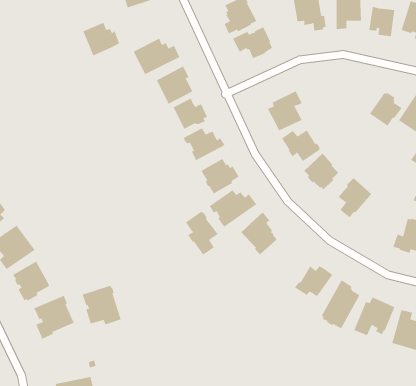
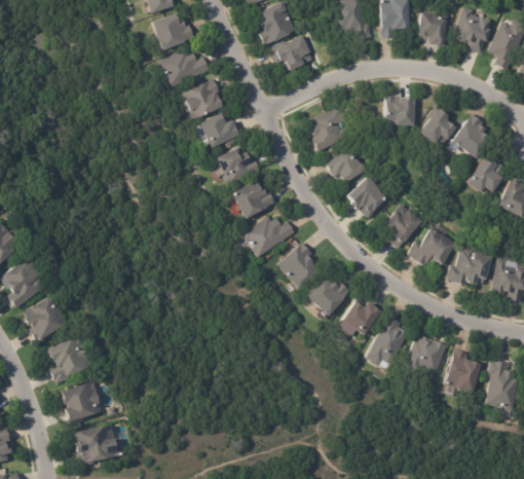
building: [83,22,120,56] -> [152,11,193,49]
building: none -> [384,96,414,125]
building: none -> [407,228,456,266]
building: [185,211,219,255] -> none
building: none -> [306,279,349,317]
building: [82,285,122,325] -> [61,379,105,423]

